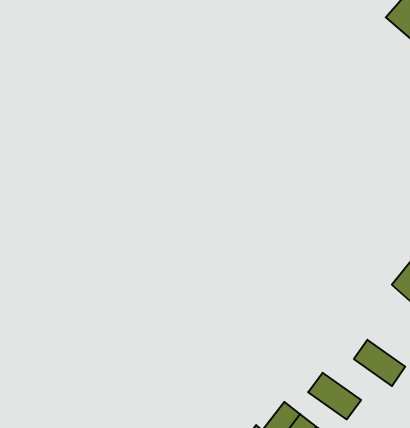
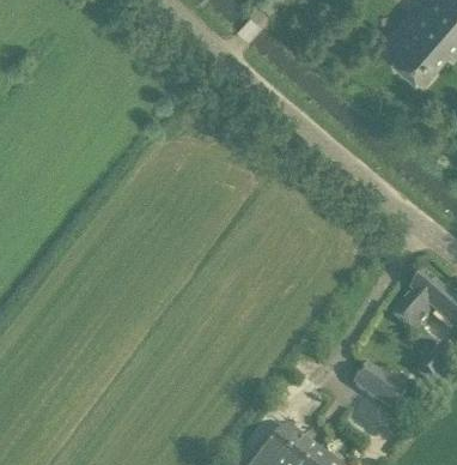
building: [308,373,361,419] -> none

